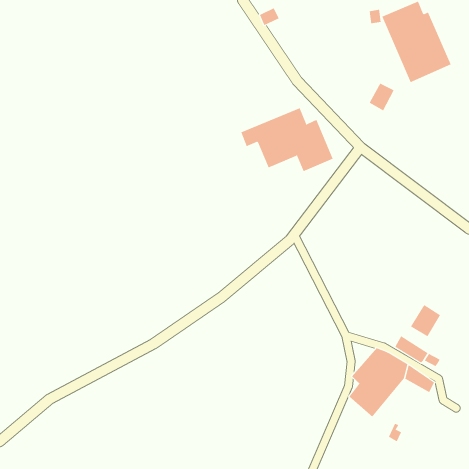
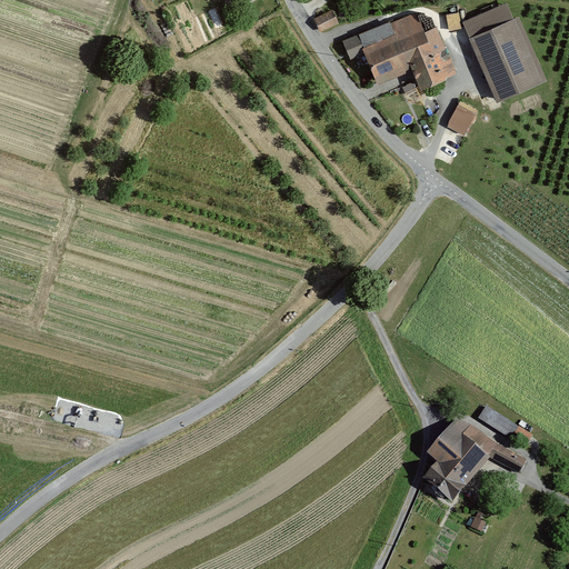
building: [241,107,333,172] -> [343,10,456,88]
building: [410,304,441,337] -> none

